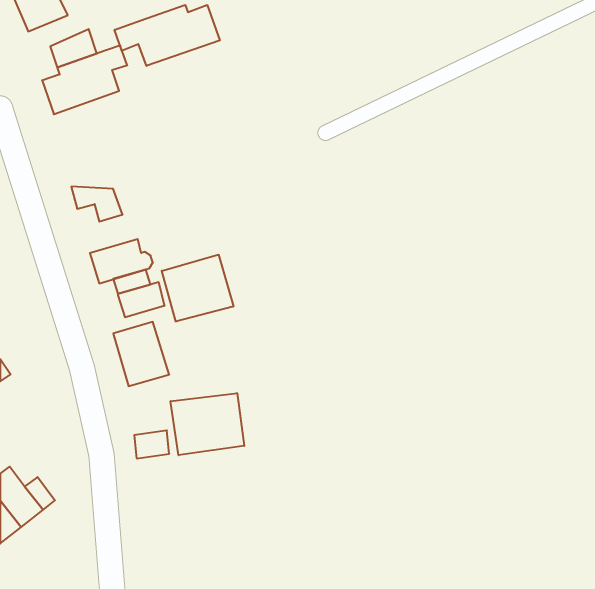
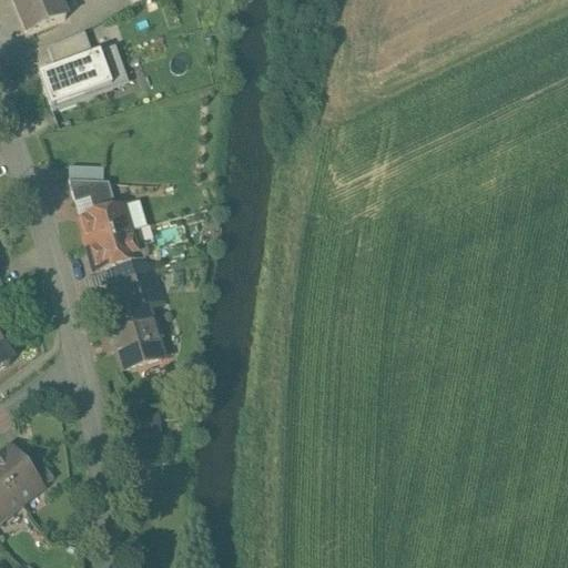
building: [115,5,220,66] -> none
building: none -> [80,203,132,241]
building: [162,255,233,322] -> none
building: [171,393,244,455] -> none

